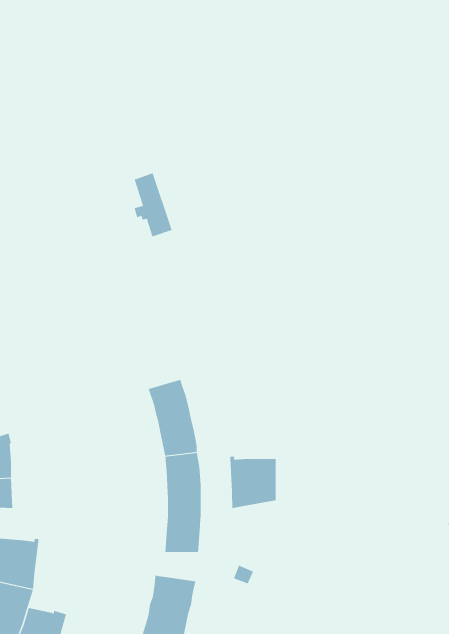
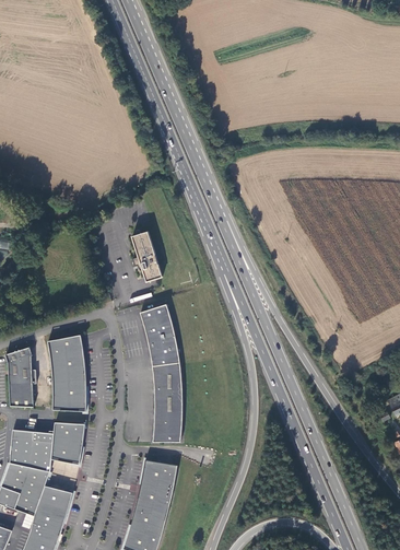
building: [134,172,172,237] -> [131,230,162,281]
building: none -> [47,335,85,411]
building: [230,456,276,509] -> none
building: none -> [49,422,84,467]

